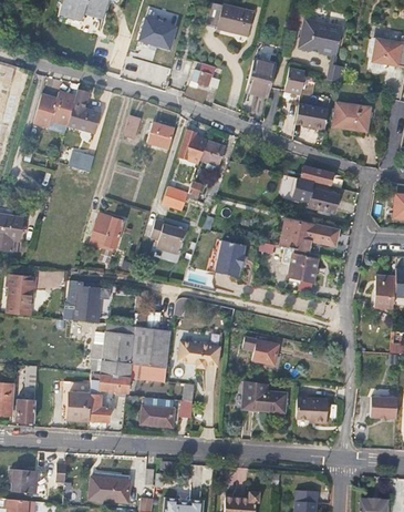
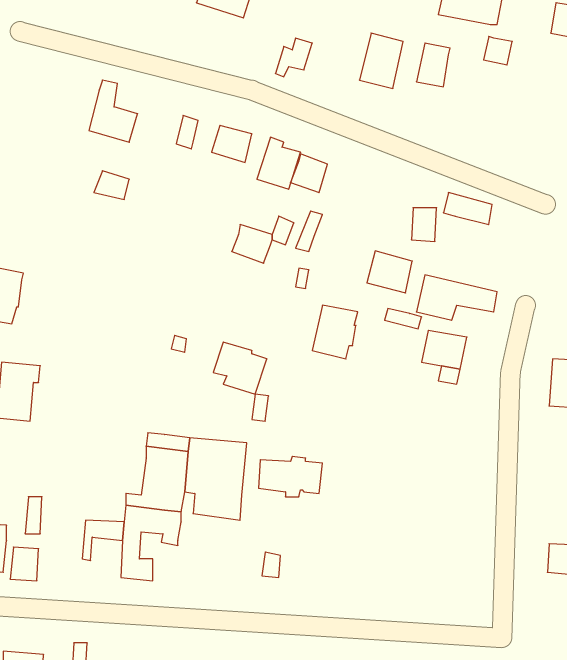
building: [33,94,74,130] -> none
building: [331,101,370,132] -> none
building: [296,104,328,130] -> none
building: [307,187,336,215] -> [367,251,412,293]
building: [91,213,122,245] -> none
building: [149,218,185,253] -> [213,342,267,394]
building: [69,291,106,322] -> none
building: [247,339,279,367] -> none
building: [242,379,286,411] -> none
building: [68,392,90,419] -> none
building: [294,397,325,421] -> none
building: [141,405,176,427] -> none

